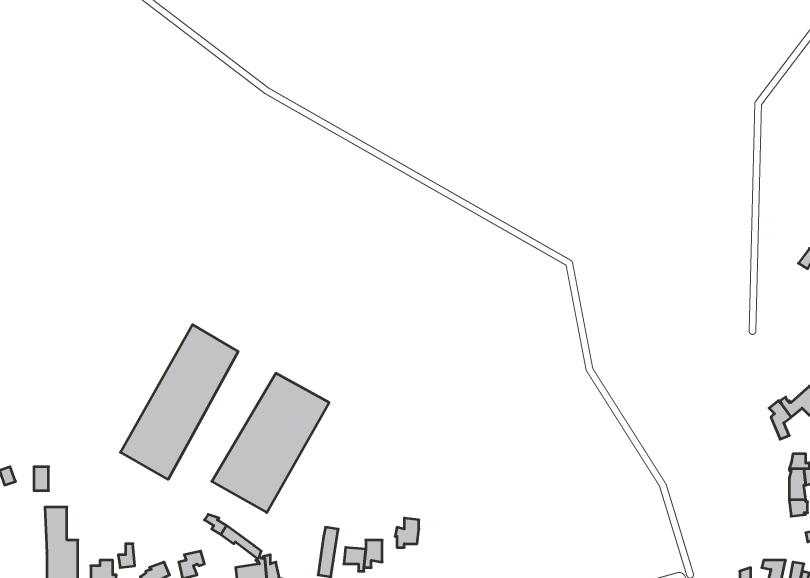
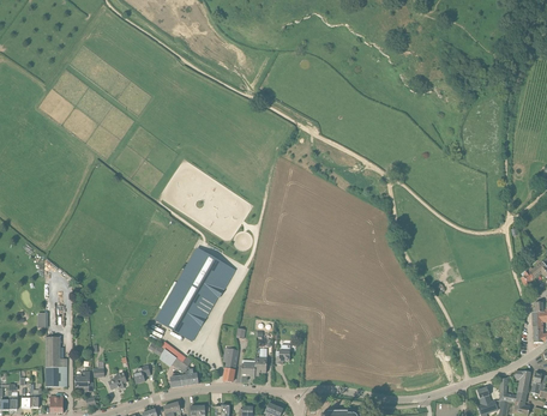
building: [120,325,238,479] -> none

